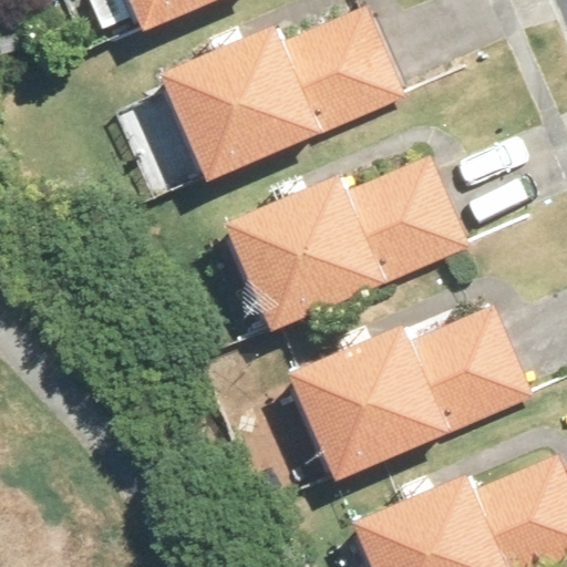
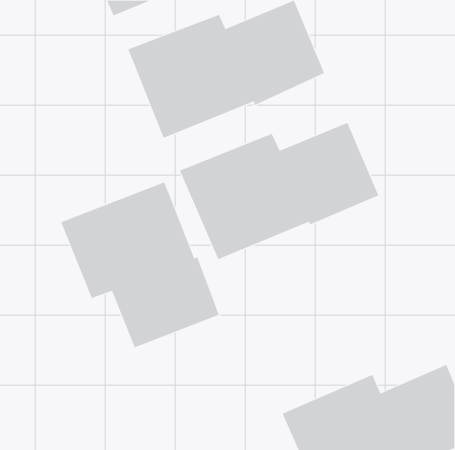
building: none -> [60,182,220,348]
building: [289,307,532,481] -> none

